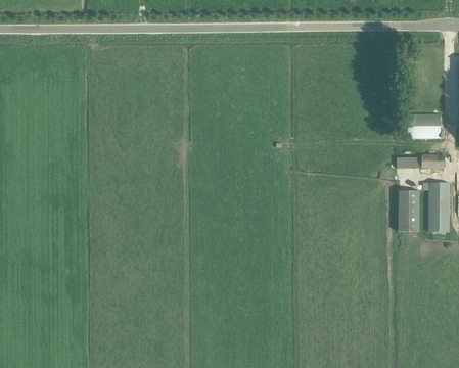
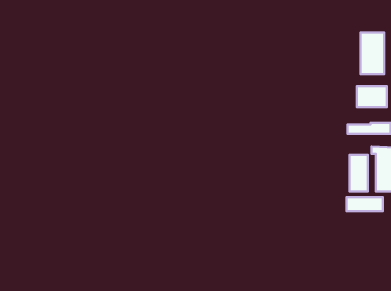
building: none -> [361,33,384,74]
building: none -> [347,197,383,211]

